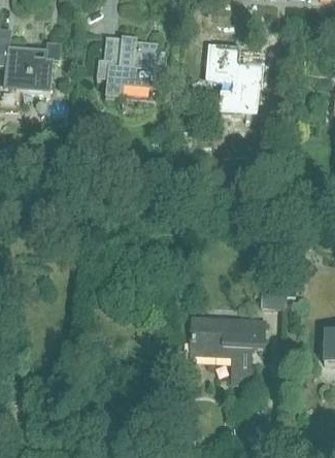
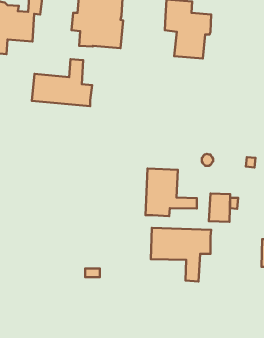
building: none -> [32,59,92,106]
building: none -> [146,168,197,216]

